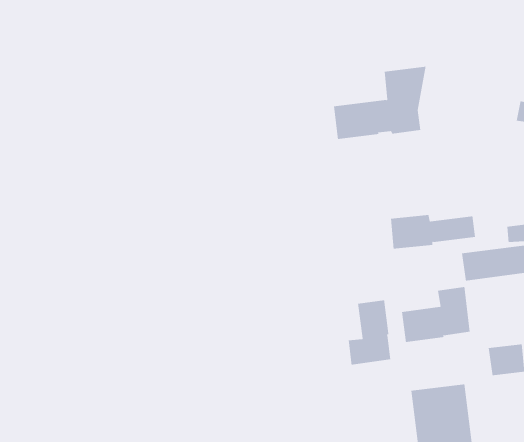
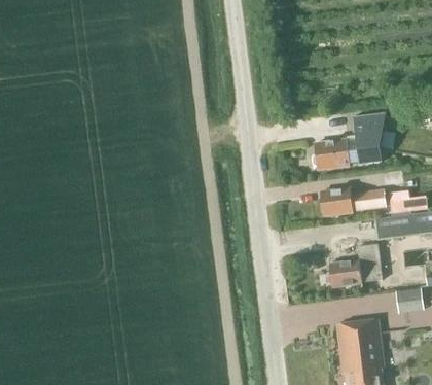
building: [333,66,427,140] -> [314,111,386,168]
building: [348,299,391,366] -> none

